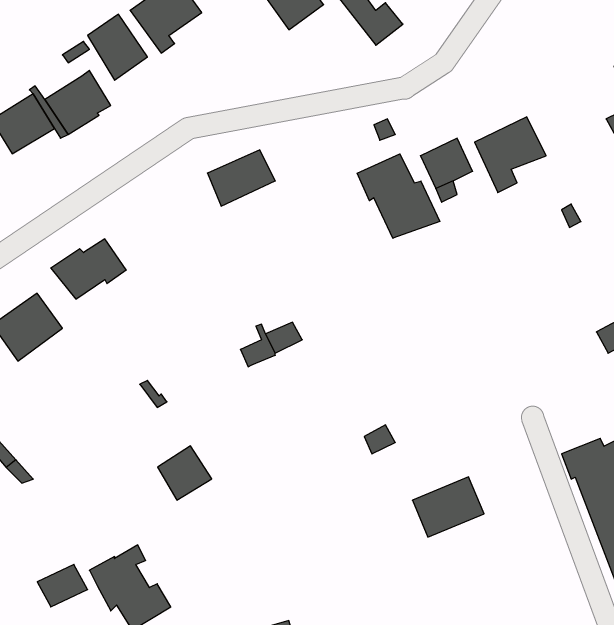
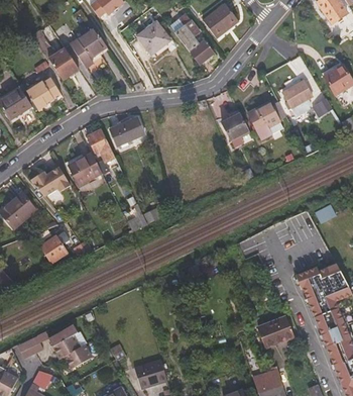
building: none -> [281,80,312,106]
building: [357,154,440,238] -> none
building: none -> [88,130,115,163]
building: none -> [69,152,101,184]
building: [158,446,212,500] -> [40,234,69,263]
building: [412,477,484,537] -> [257,317,295,349]

